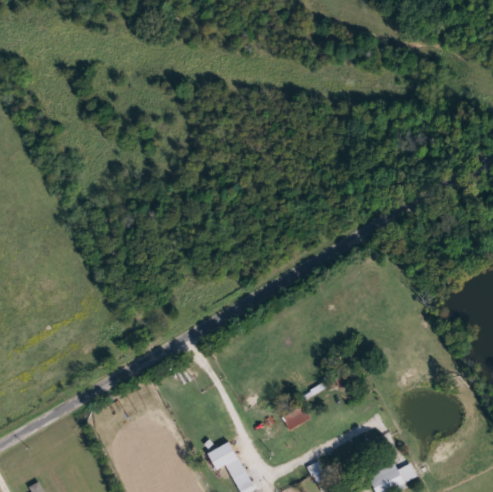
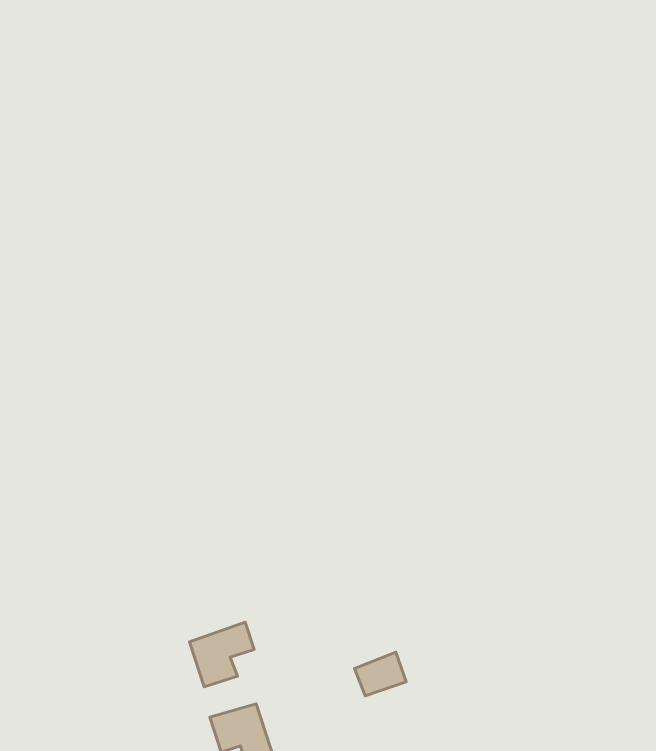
building: none -> [189,622,254,687]

